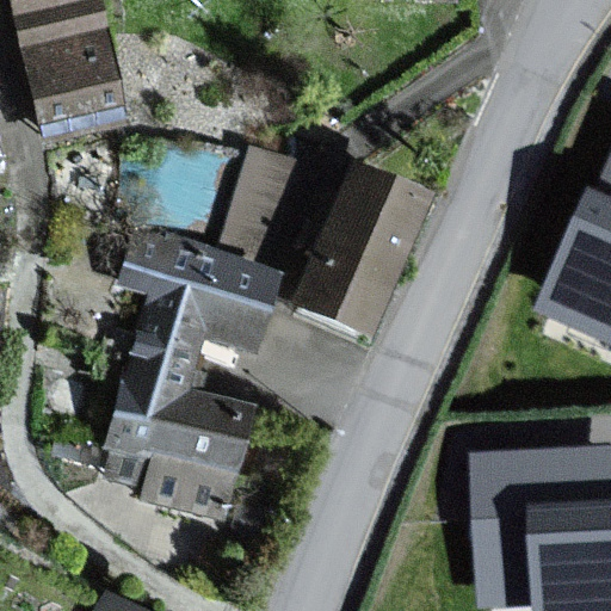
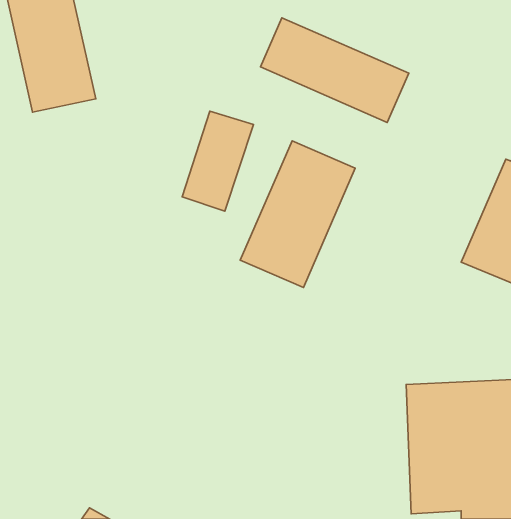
building: none -> [260,18,409,122]
building: [100,233,278,521] -> none

